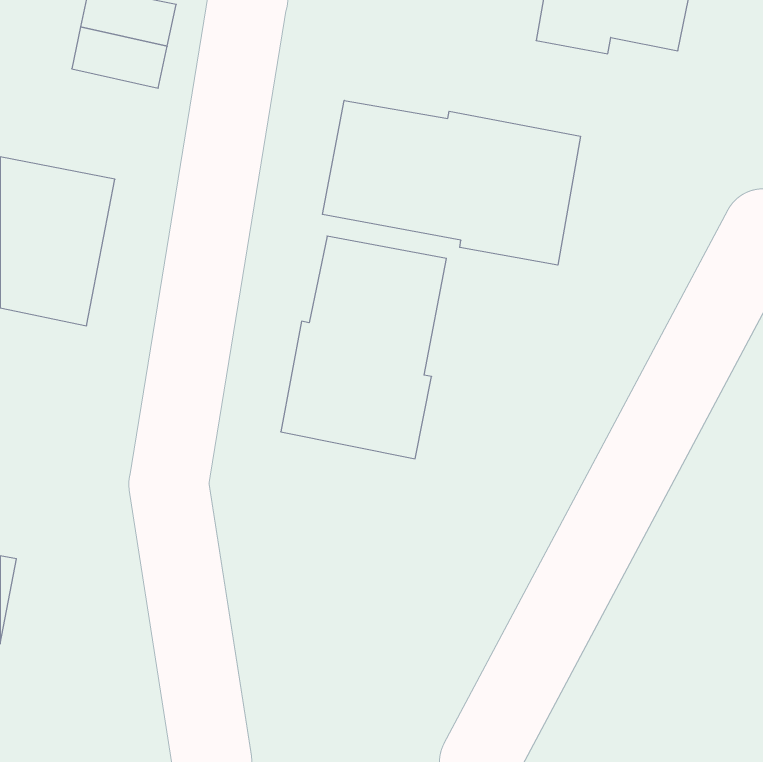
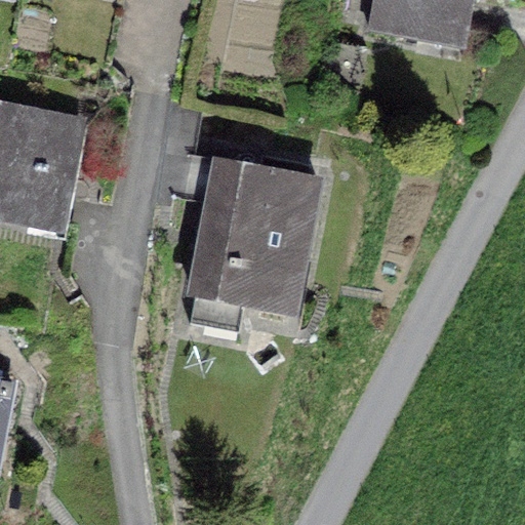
building: [322,100,580,265] -> none

